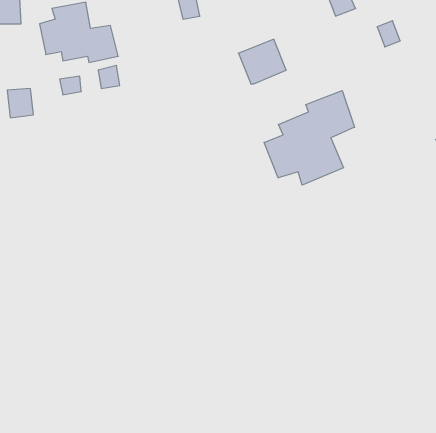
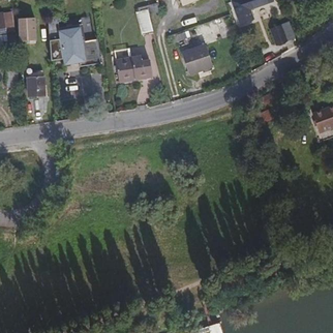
building: none -> [114,58,149,84]
building: [264,91,355,185] -> none

